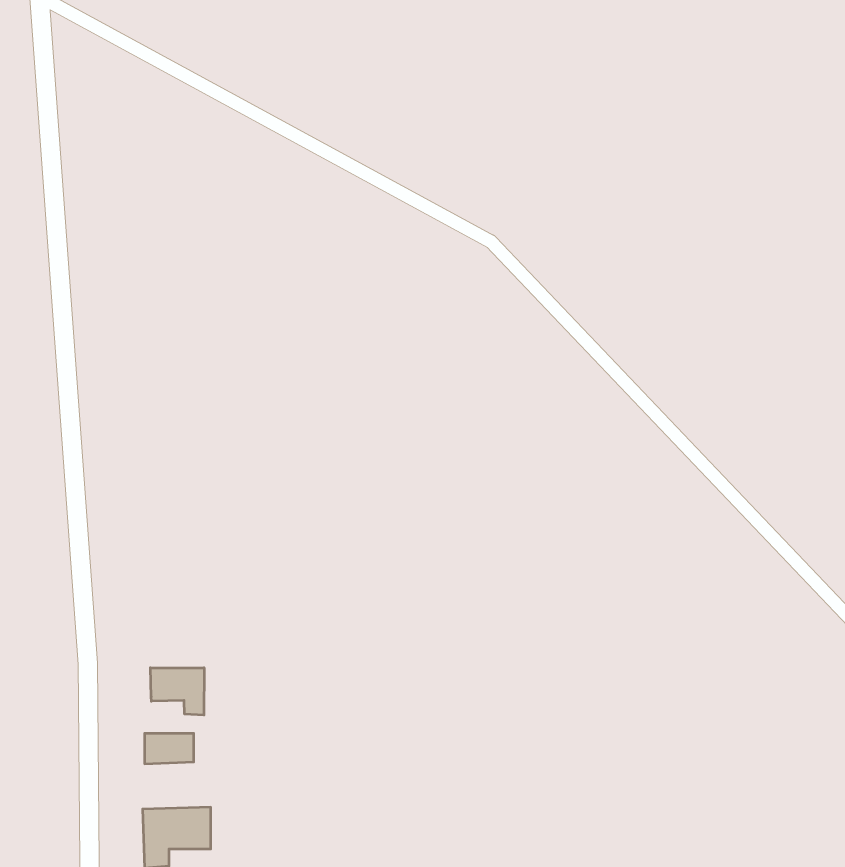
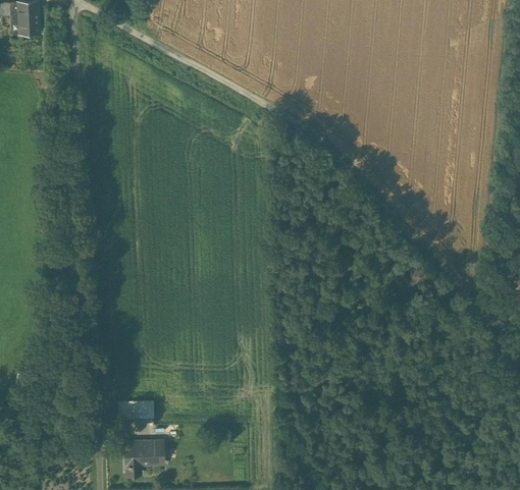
building: [150,668,204,715] -> none

